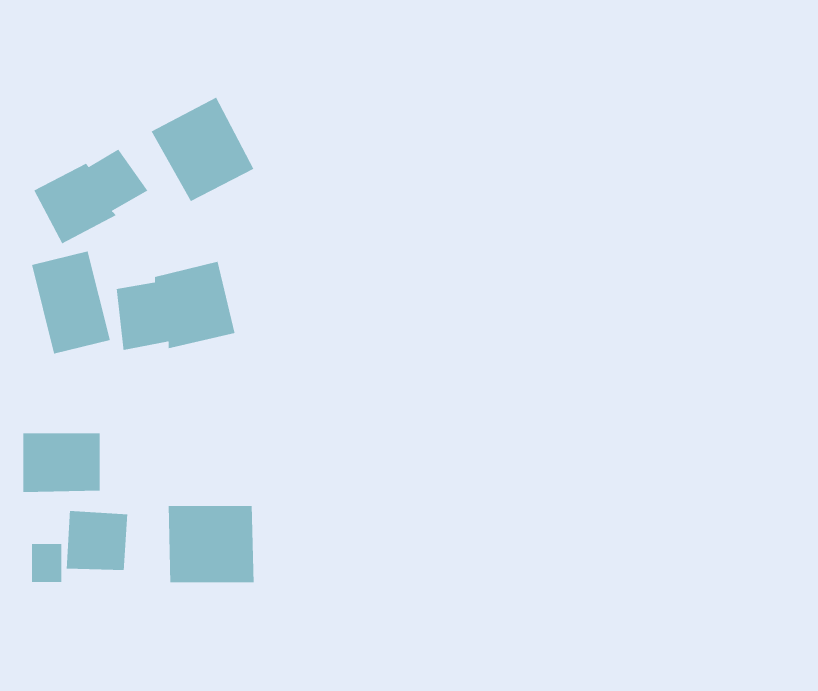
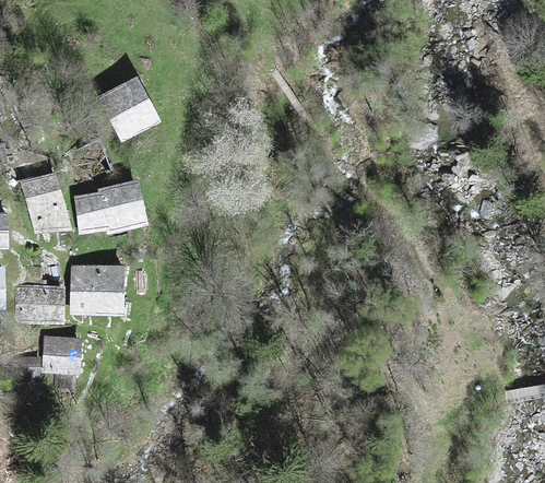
building: [33,149,149,245] -> none
building: [168,505,254,583] -> [70,264,125,314]

